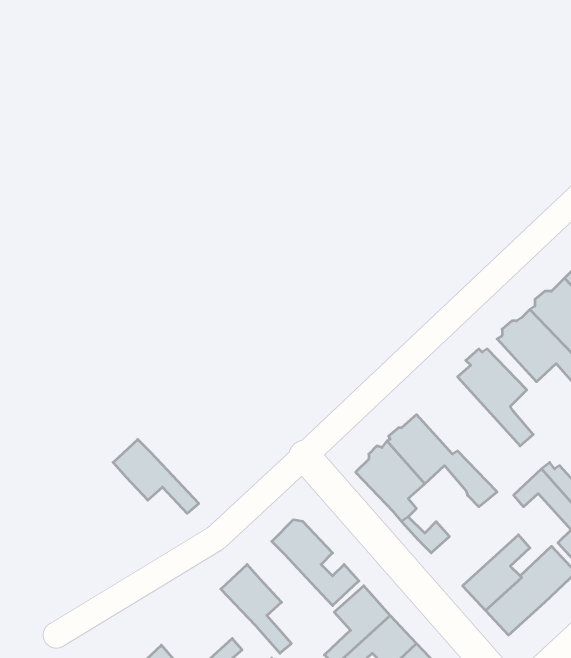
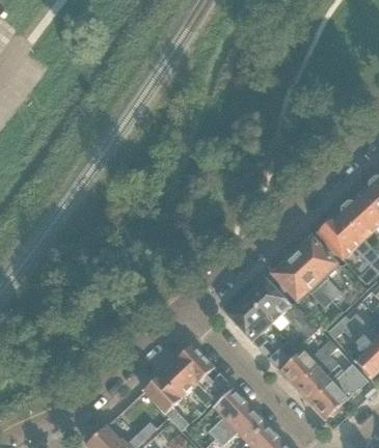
building: none -> [273,256,332,307]
building: [113,439,199,513] -> [160,360,214,407]
building: none -> [279,341,334,388]

